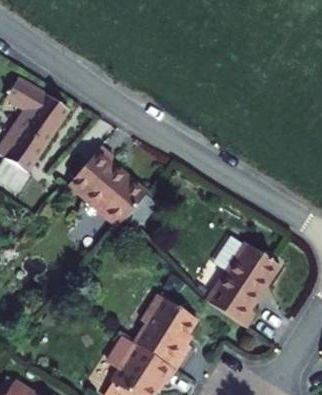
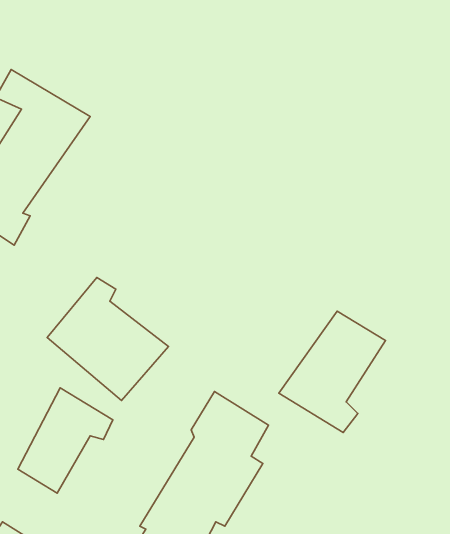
building: [68,142,151,226] -> [47,278,168,401]
building: none -> [18,388,113,493]

